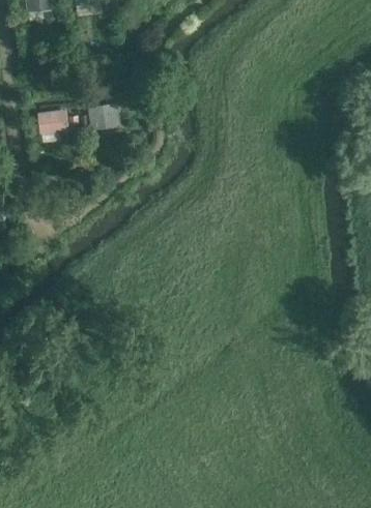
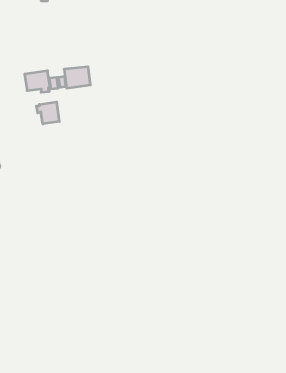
building: none -> [36,102,59,124]

